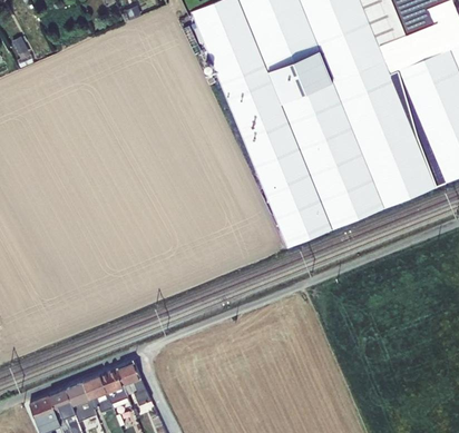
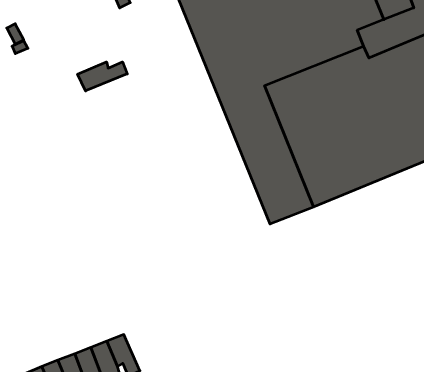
building: none -> [78,62,127,91]

